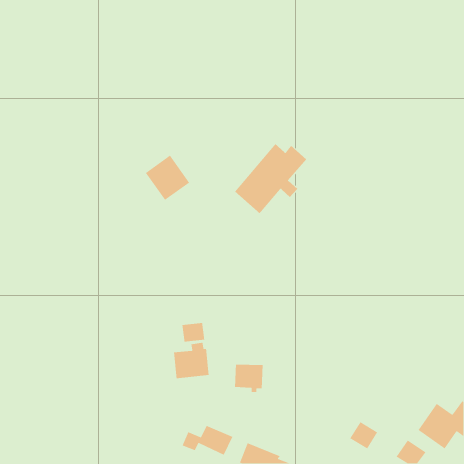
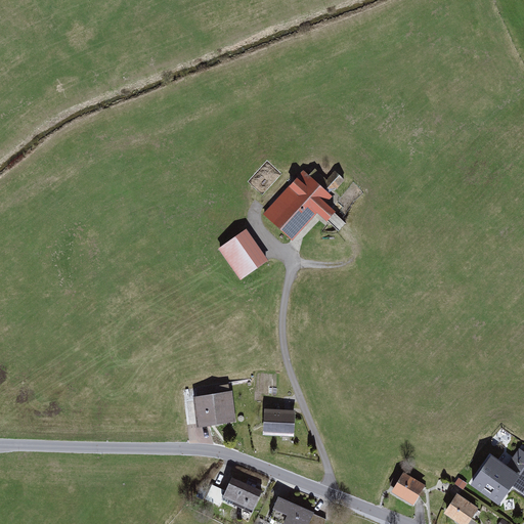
building: [145,154,190,201] -> [217,227,268,279]
building: [181,322,205,343] -> none

